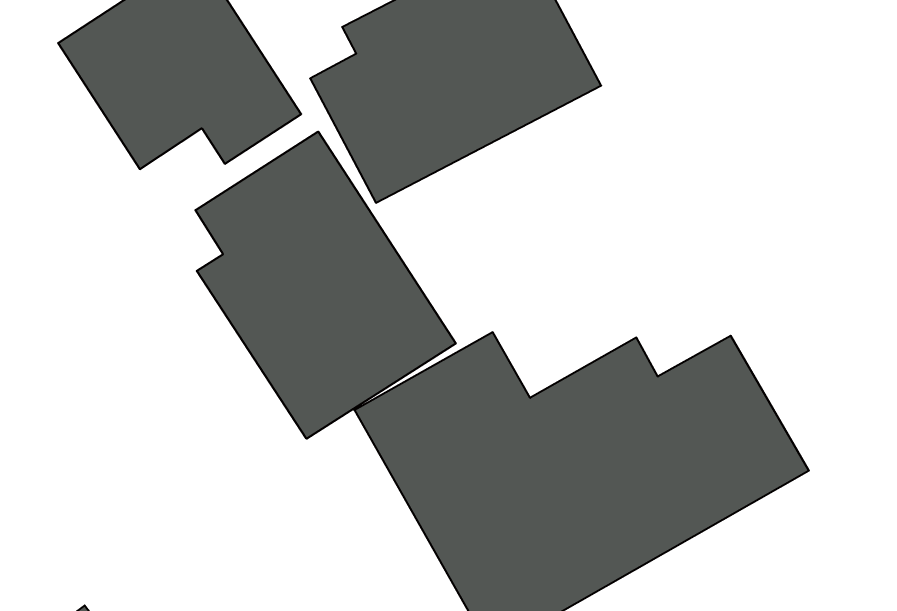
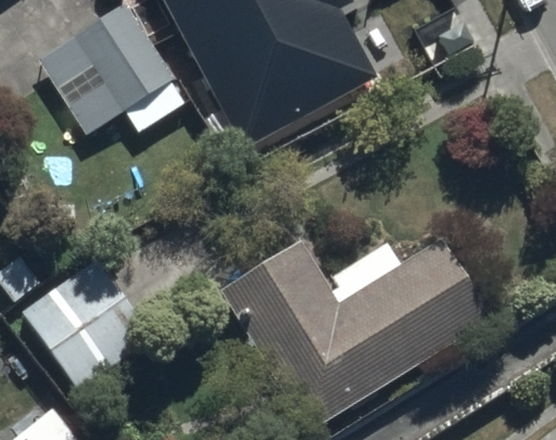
building: [195,132,456,439] -> none
building: none -> [31,273,153,392]

